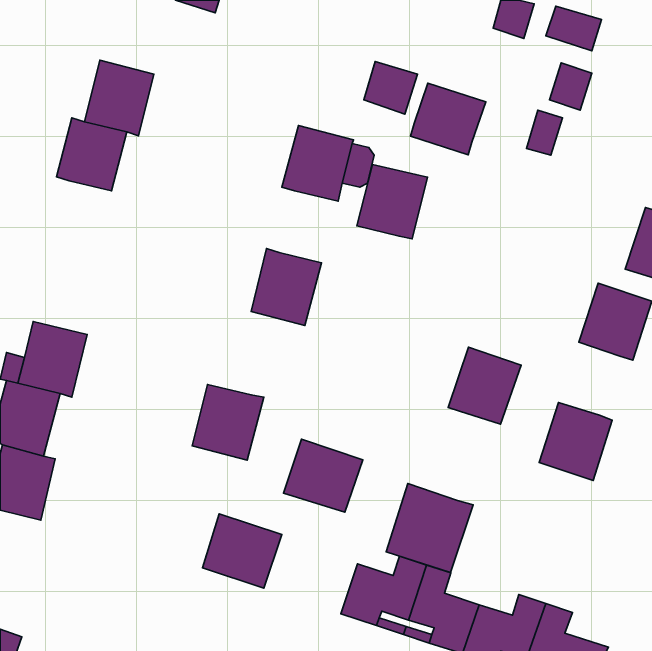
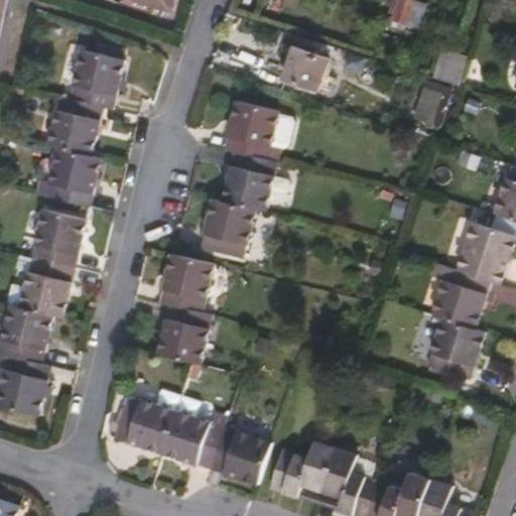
building: [546,6,601,51] -> none
building: [410,83,486,155] -> none
building: [357,164,427,239] -> [222,153,277,212]
building: none -> [44,145,99,206]
building: none -> [28,208,84,266]
building: none -> [156,254,212,313]
building: [448,347,521,424] -> [432,269,490,330]
building: [283,439,363,512] -> [210,423,272,481]
building: [386,484,473,572] -> none
building: none -> [115,393,174,449]

